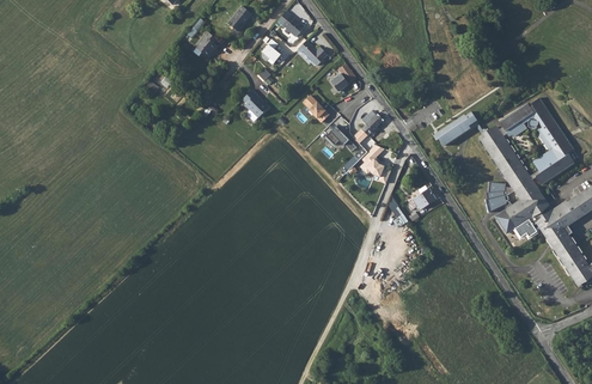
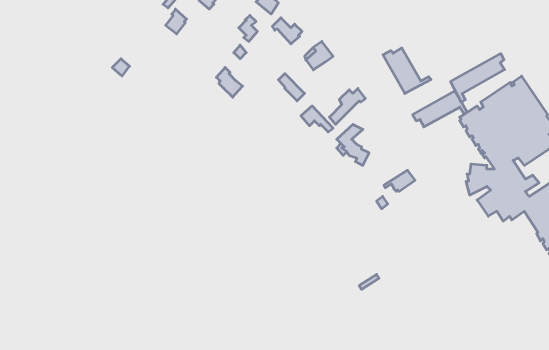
building: none -> [383,48,431,94]
building: none -> [451,54,505,103]

